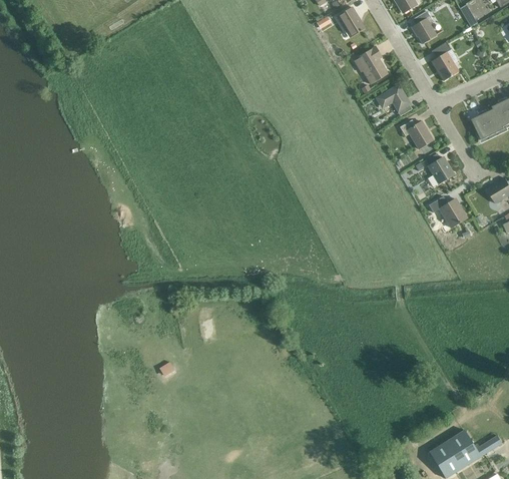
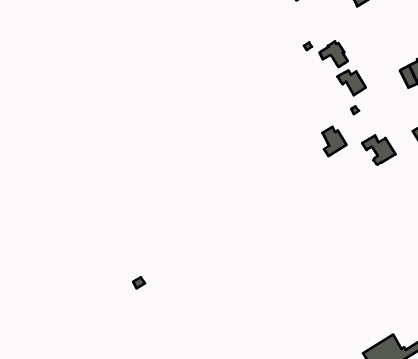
building: [432,42,459,80] -> none
building: [355,46,388,84] -> none
building: [426,152,454,186] -> [322,127,346,156]

